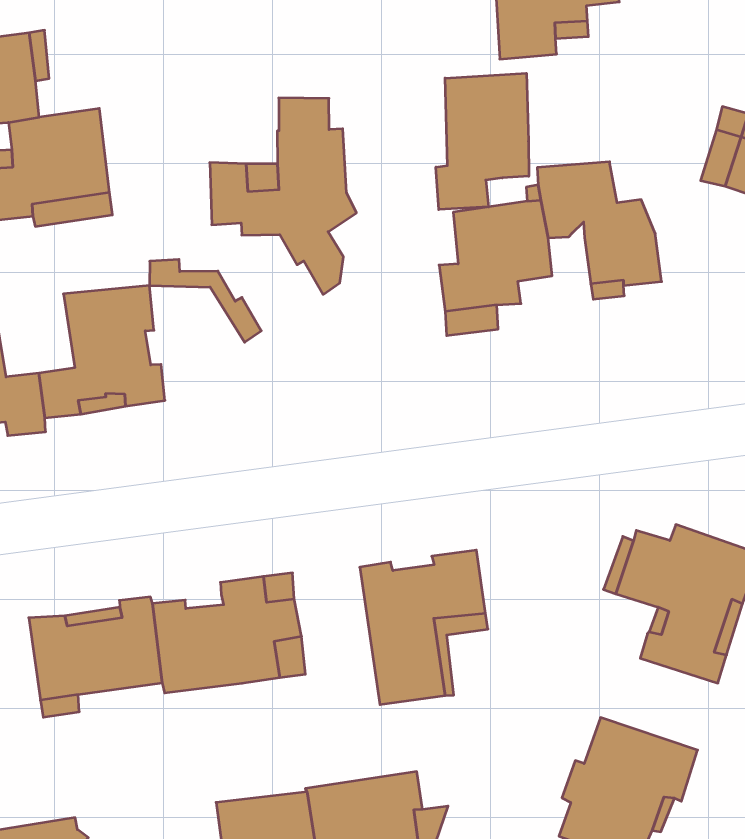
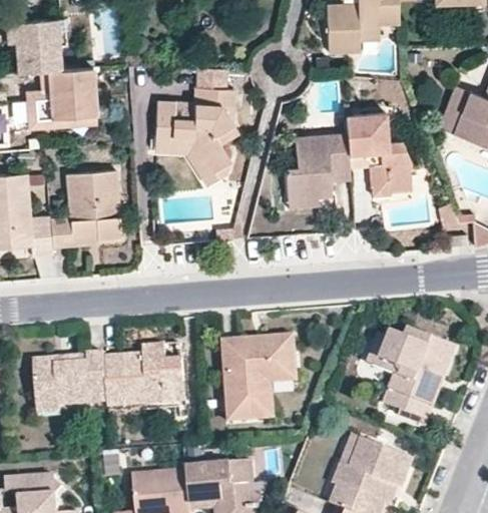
building: [436,73,529,210] -> none
building: [149,259,261,342] -> [152,137,215,187]

